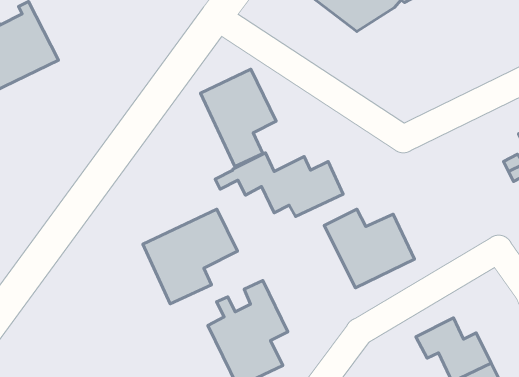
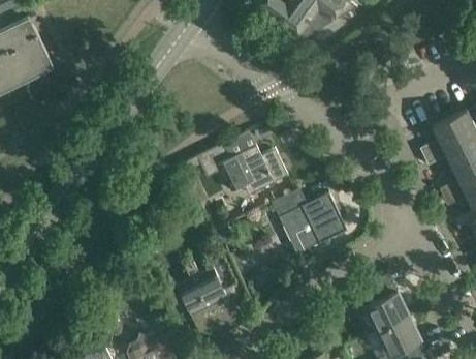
building: [201,69,276,166] -> none
building: [143,209,237,304] -> none

